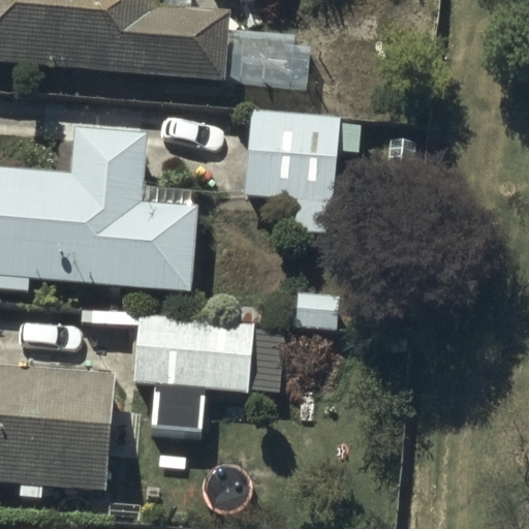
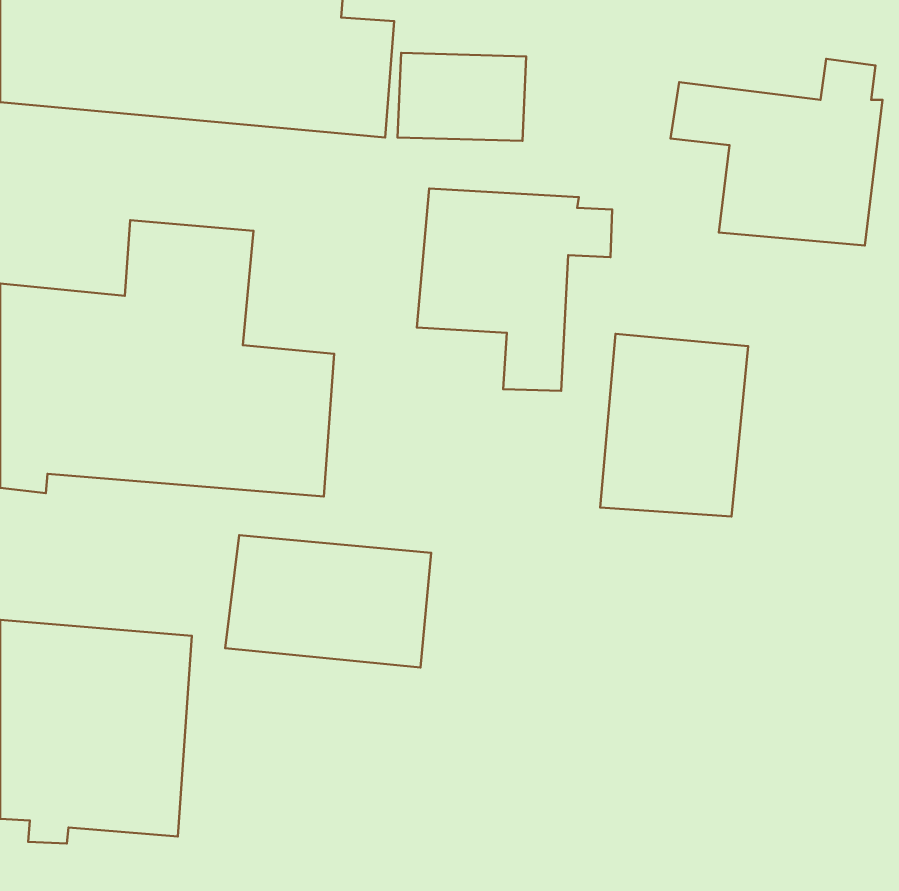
building: none -> [671,59,882,245]
building: none -> [600,334,748,516]

